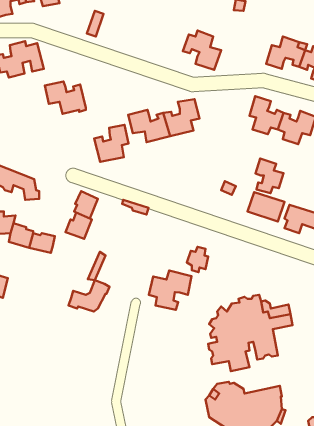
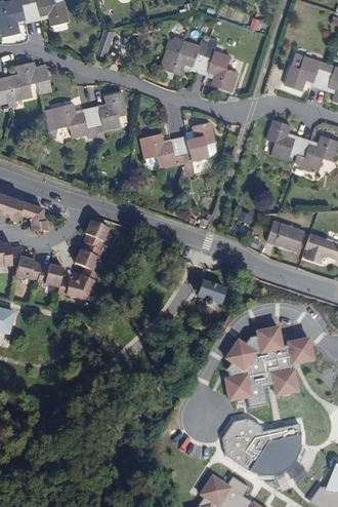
building: none -> [161,39,204,74]
building: [94,125,129,162] -> [90,92,126,131]
building: [255,159,283,193] -> none
building: [149,271,192,310] -> none
building: [68,280,109,311] -> [56,265,99,298]

